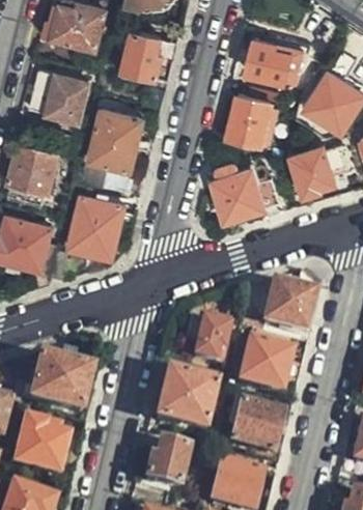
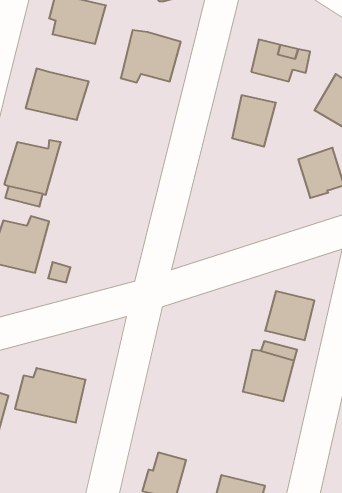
building: [90,109,144,168] -> none
building: [215,160,280,217] -> none
building: [68,180,123,255] -> none
building: [183,317,228,363] -> none
building: [155,371,214,428] -> none
building: [227,402,282,454] -> none
building: [12,420,64,473] -> none

